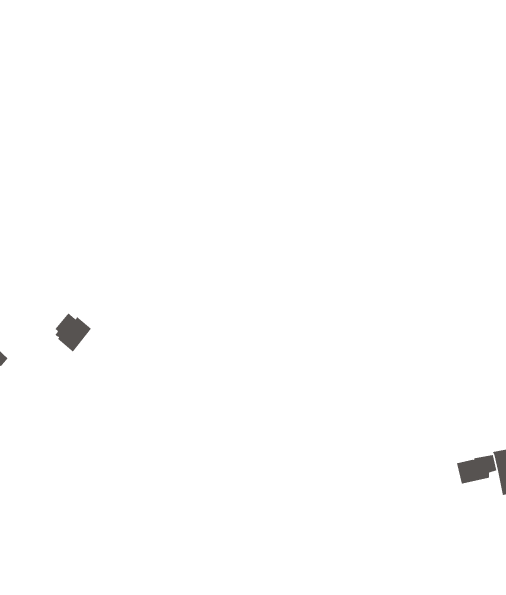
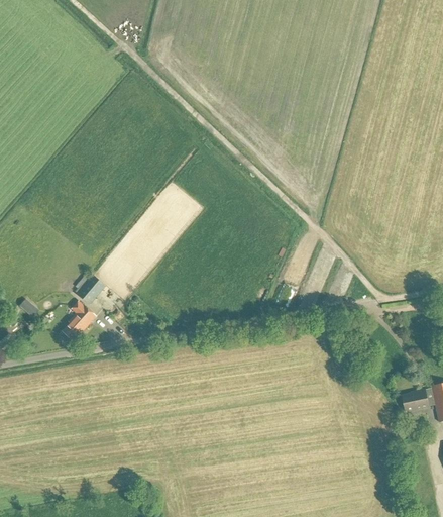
building: none -> [62,301,97,341]

